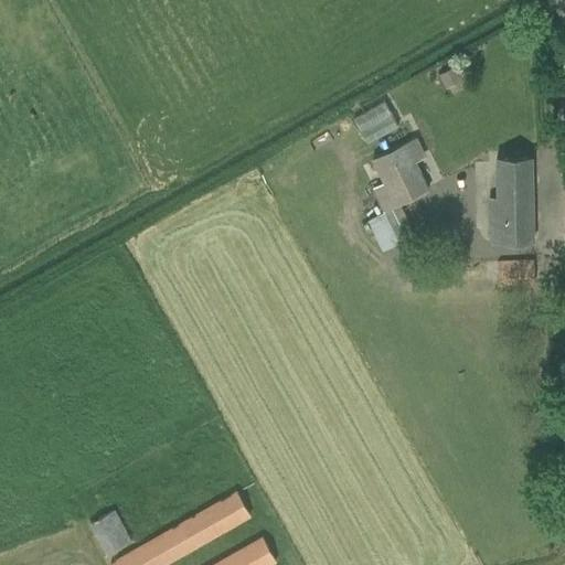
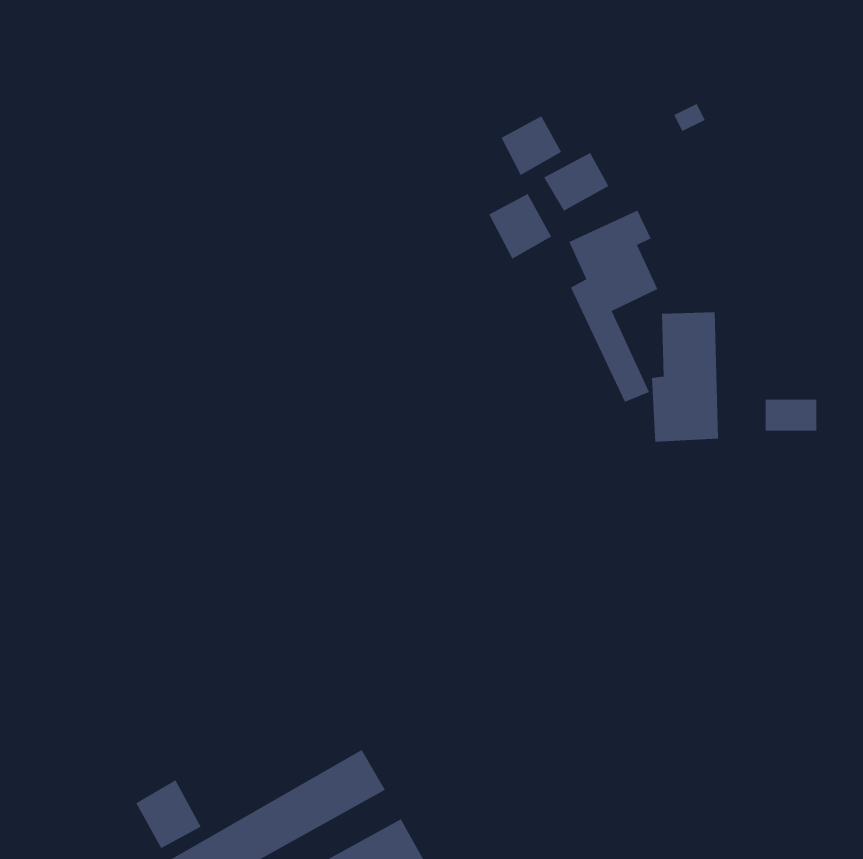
building: none -> [501,115,562,176]
building: none -> [489,193,552,260]
building: [489,161,533,246] -> [651,312,719,442]

